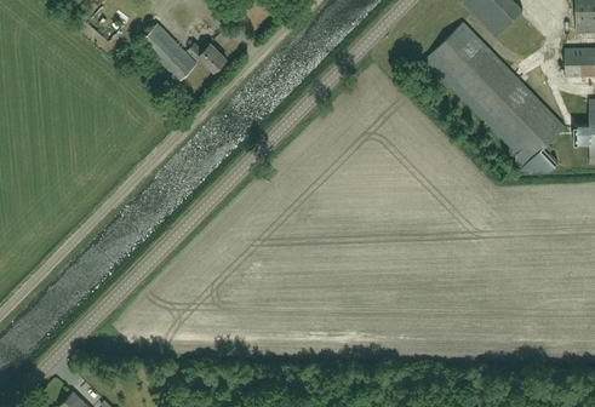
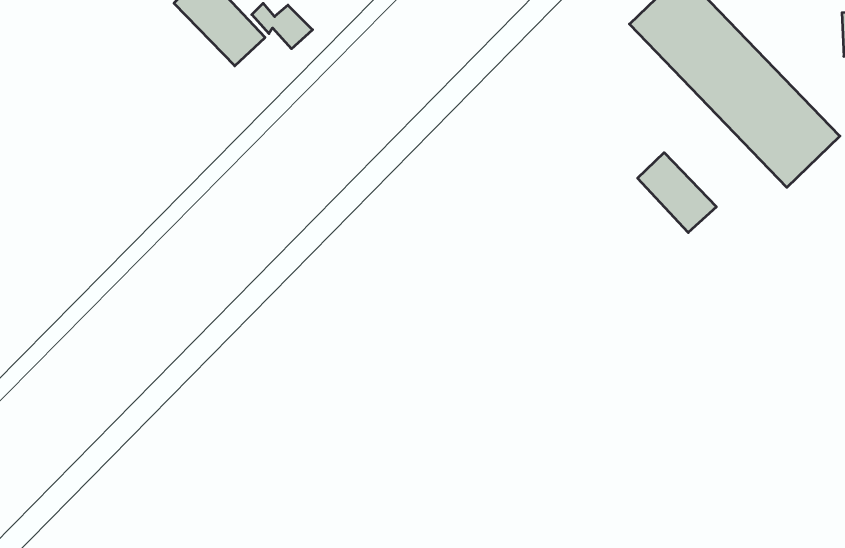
building: none -> [638,153,716,233]

